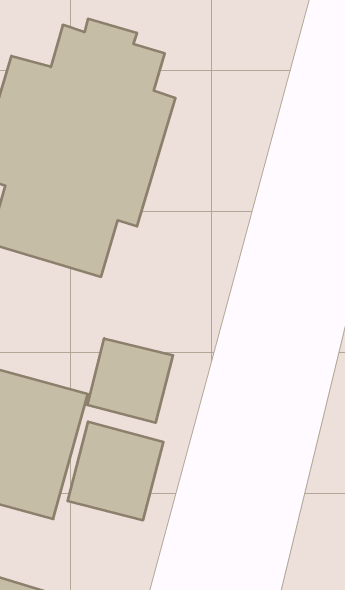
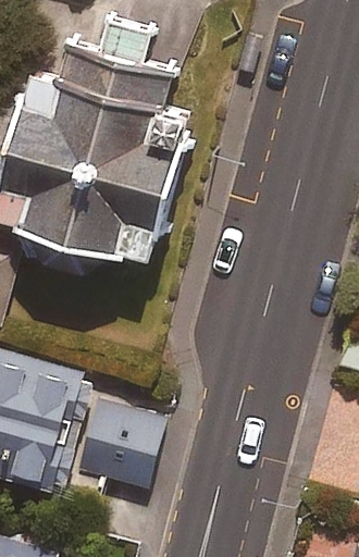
building: [87,338,173,423] -> none

